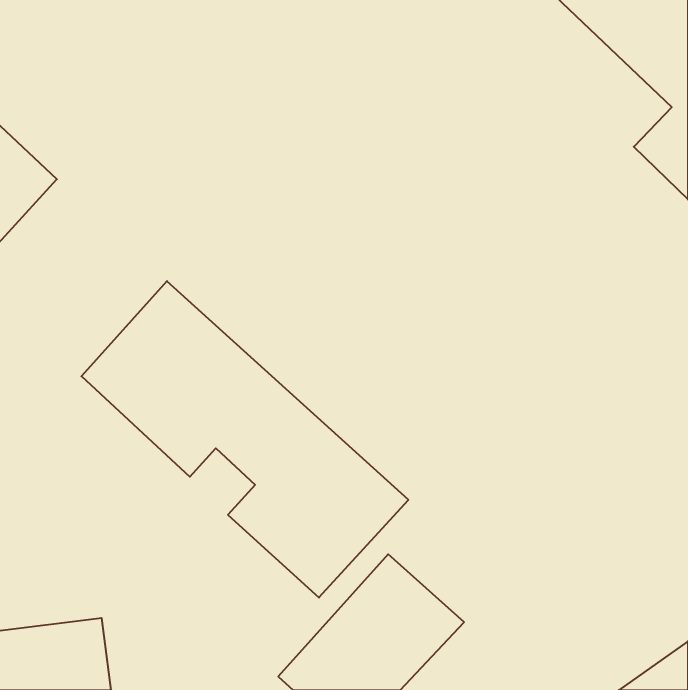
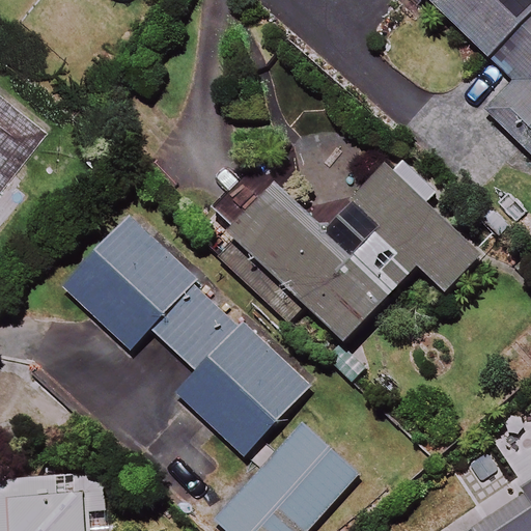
building: none -> [229,164,479,342]

